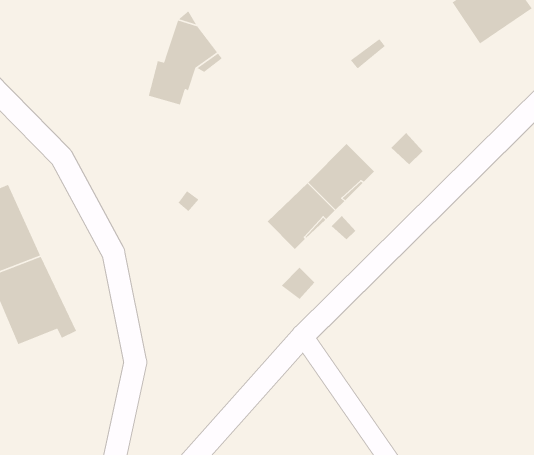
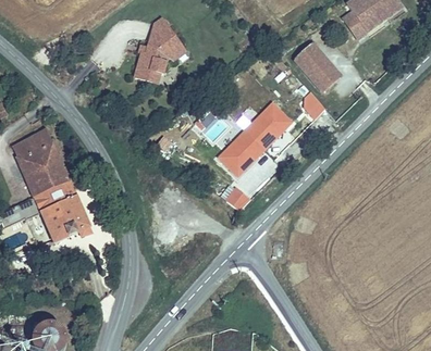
building: none -> [294,41,343,93]

